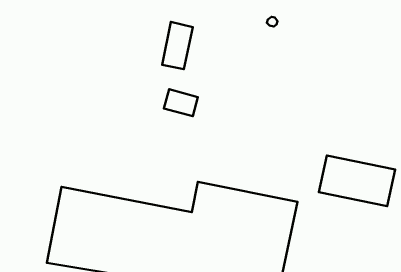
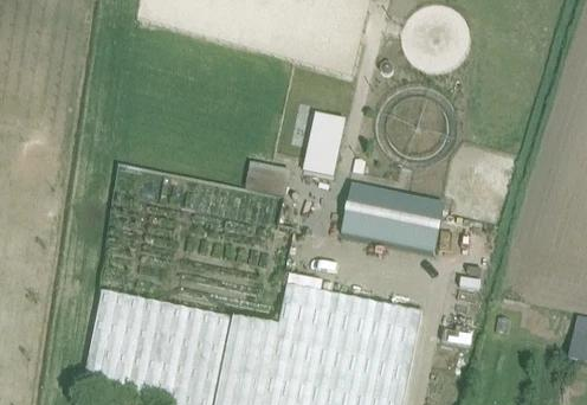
building: [162,22,193,69] -> [304,110,346,174]
building: [319,155,395,206] -> [342,182,445,251]

